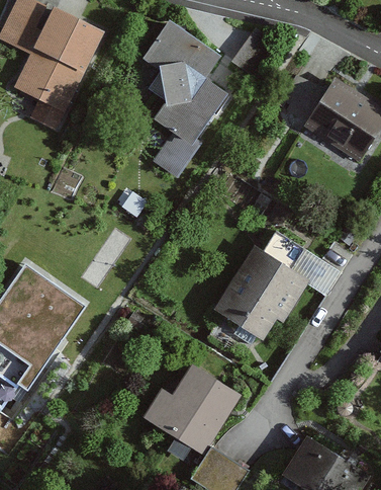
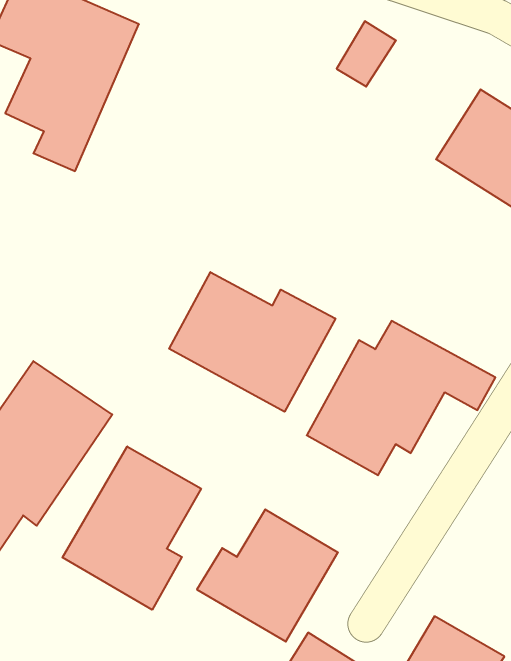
building: [146,22,228,175] -> none
building: none -> [169,272,335,412]
building: none -> [62,446,201,610]

